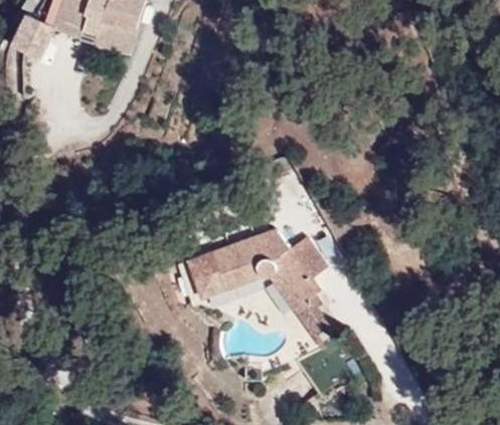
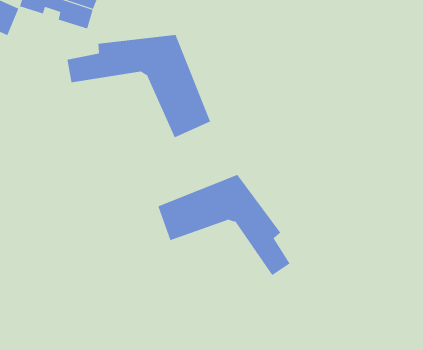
building: none -> [67,34,211,138]

